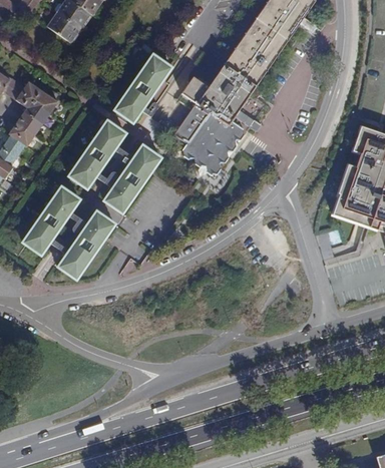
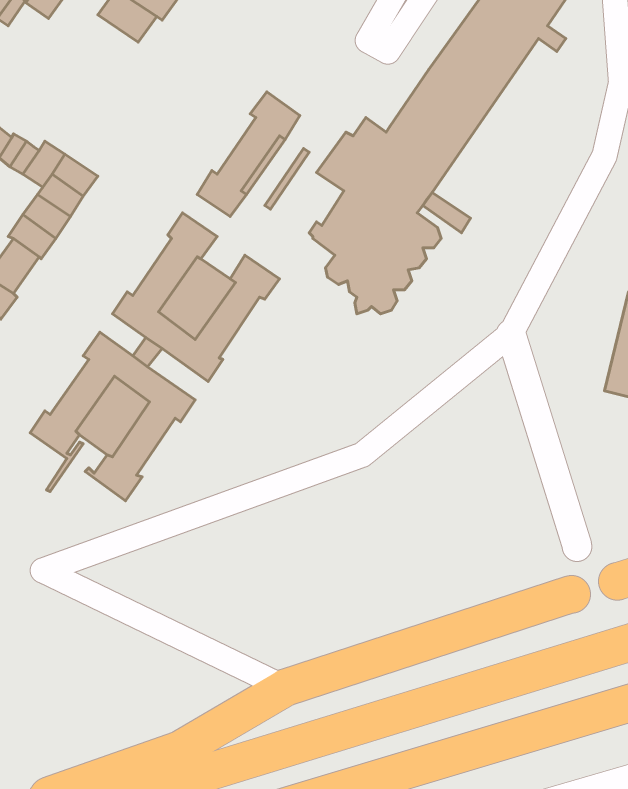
building: [47,13,79,42] -> none

